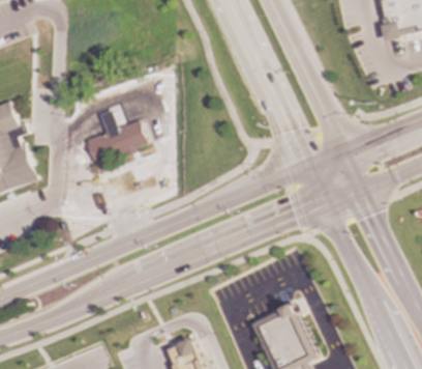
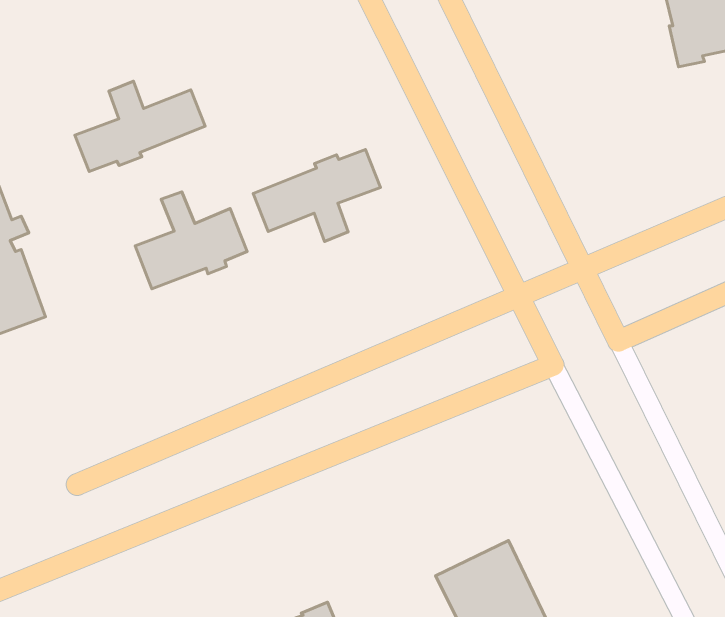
building: none -> [75,81,205,171]
building: none -> [253,150,381,242]

